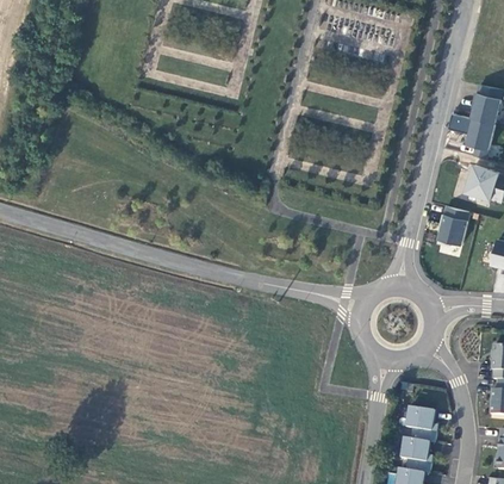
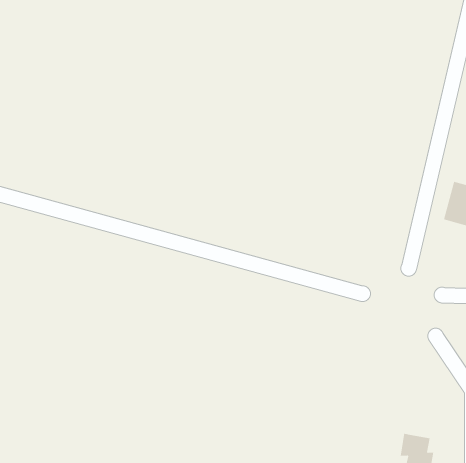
building: [404,407,435,443] -> none

